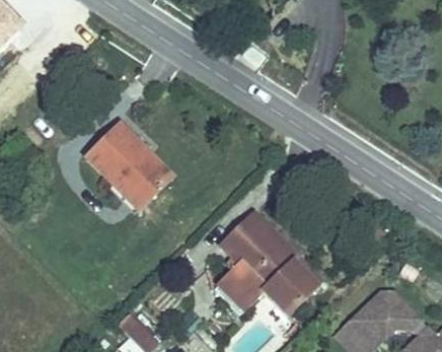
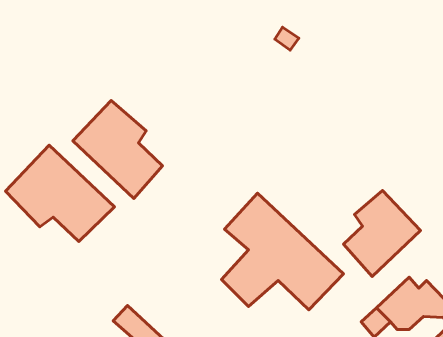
building: none -> [5,145,115,241]
building: none -> [344,191,420,276]

